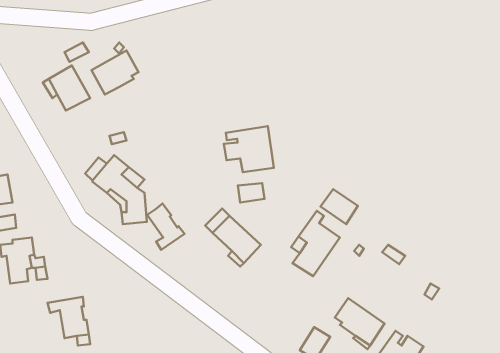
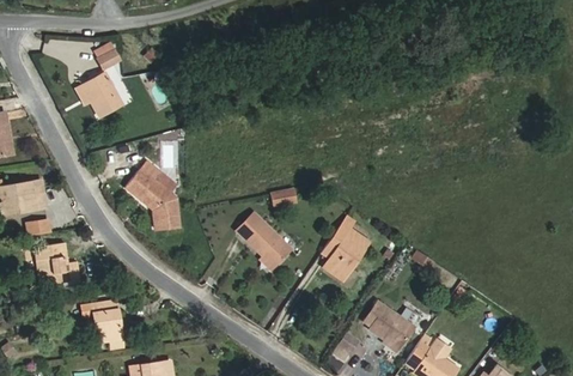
building: [92,51,139,95] -> none
building: [224,126,274,172] -> none
building: [321,189,358,224] -> none
building: [147,203,184,250] -> none

